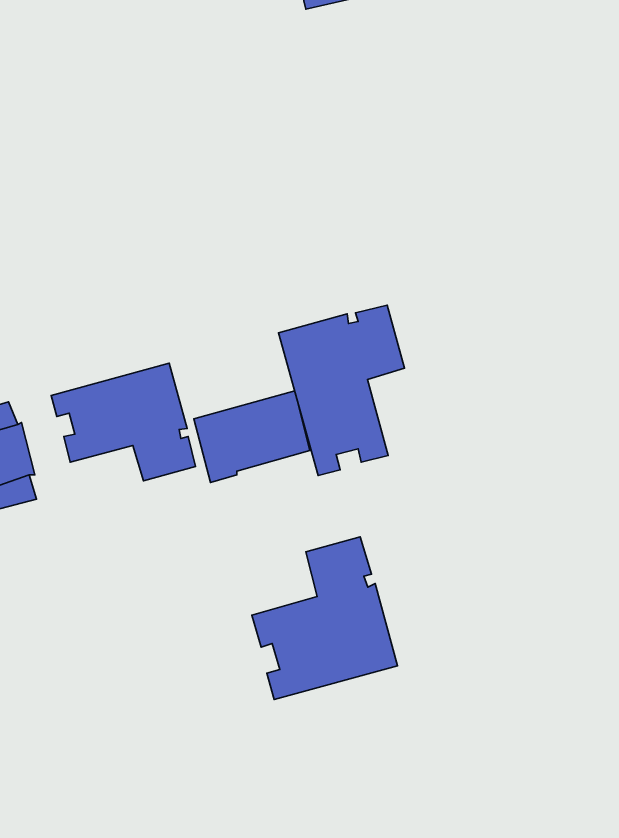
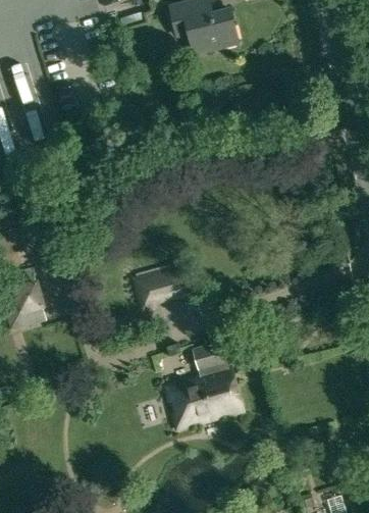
building: [279,305,404,475] -> none
building: [51,363,195,481] -> none

